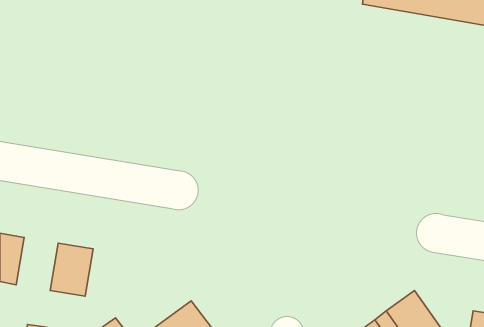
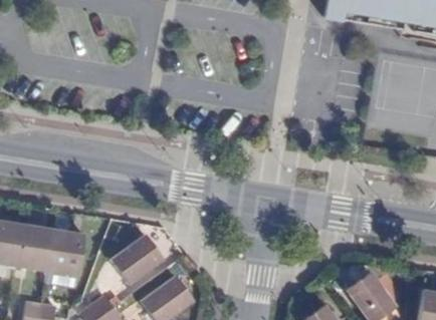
building: none -> [16,224,53,271]
building: none -> [104,235,158,285]

